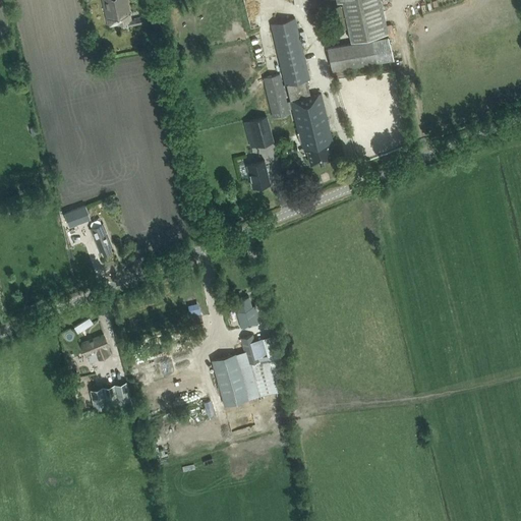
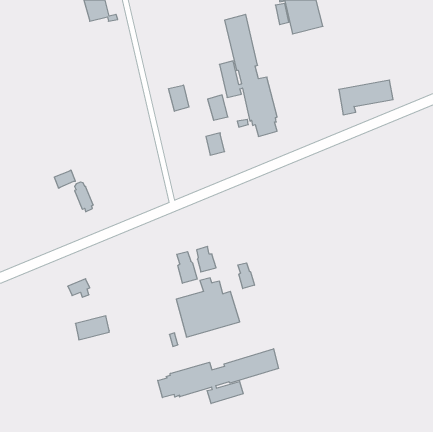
building: [327,37,392,78] -> [339,80,393,115]
building: none -> [169,85,189,111]
building: none -> [177,252,197,283]
building: none -> [238,263,254,289]
building: none -> [158,349,279,404]

